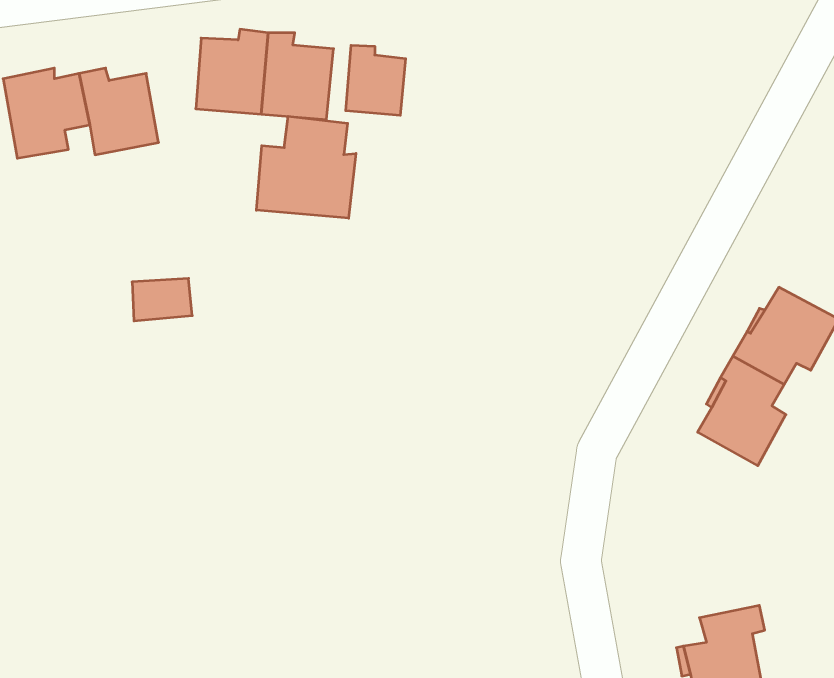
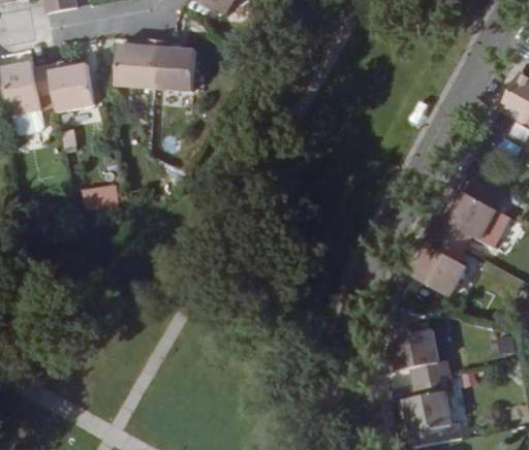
building: [346,45,406,115] -> none
building: [256,116,356,218] -> none
building: none -> [390,326,447,383]

